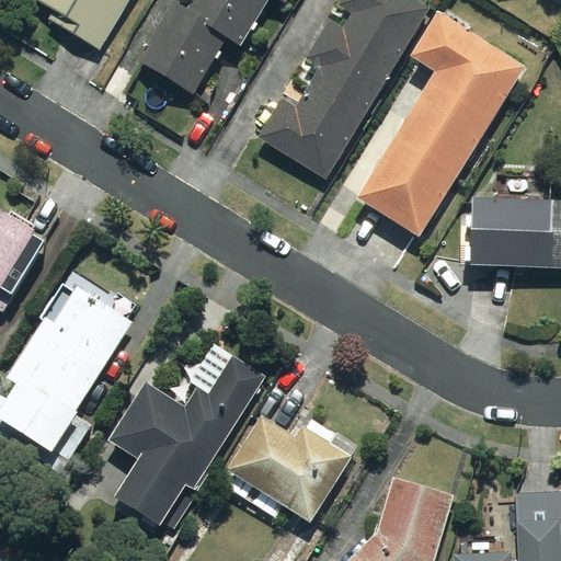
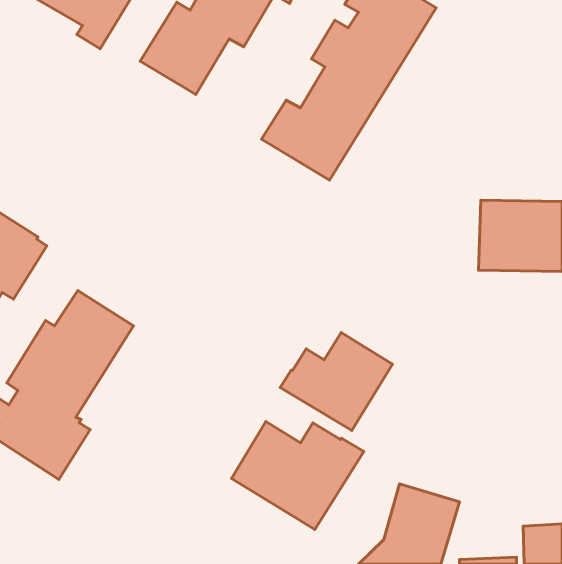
building: [358,12,526,237] -> none
building: none -> [280,332,392,431]
building: [108,343,265,525] -> none

